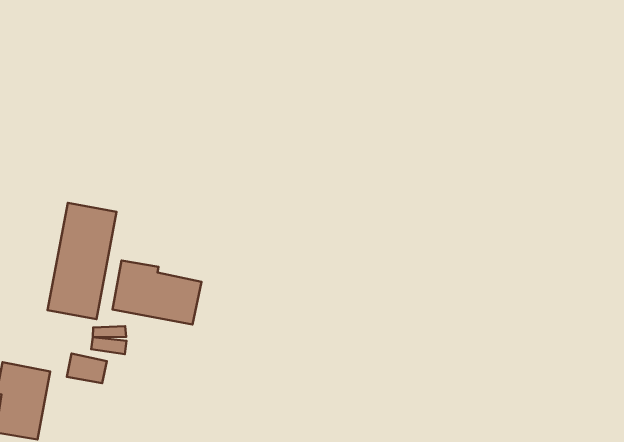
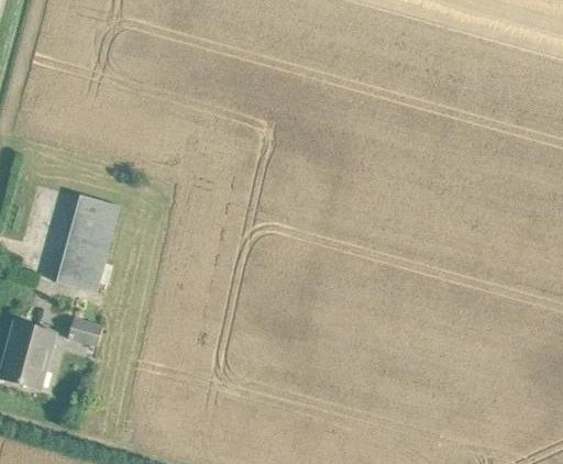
building: [113,261,202,325] -> none

